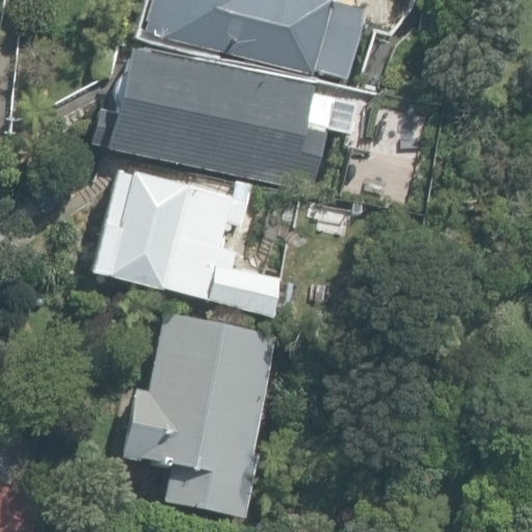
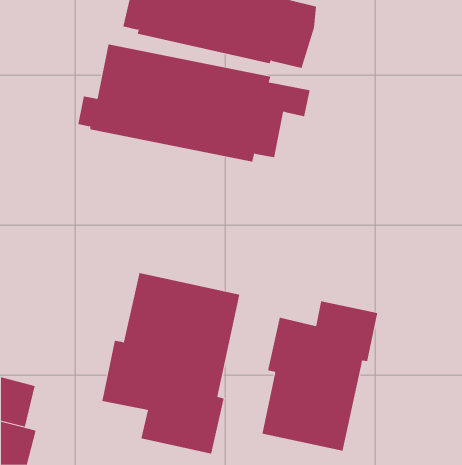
building: [91,172,278,316] -> none
building: none -> [262,300,378,451]

